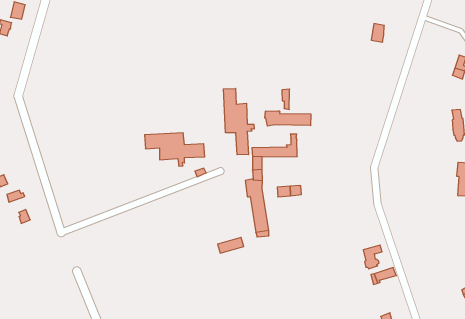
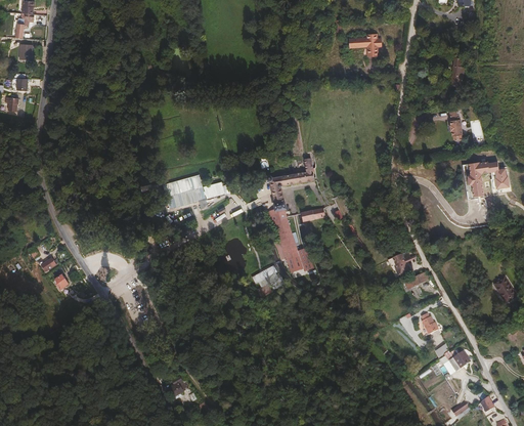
building: [223,88,254,155] -> none
building: [265,111,311,126] -> none

